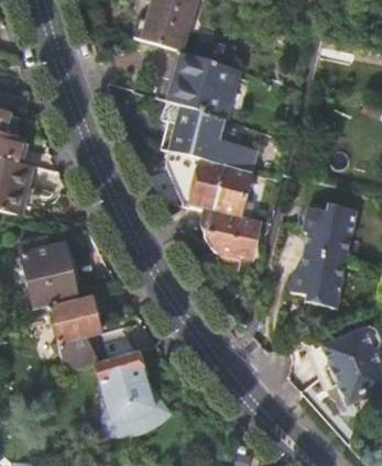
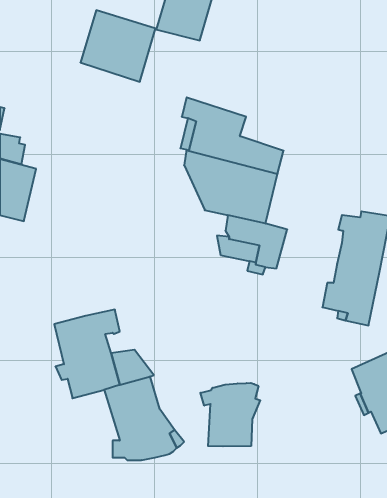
building: [170,54,238,119] -> [80,10,156,82]
building: [18,236,79,310] -> none
building: none -> [200,383,260,446]

